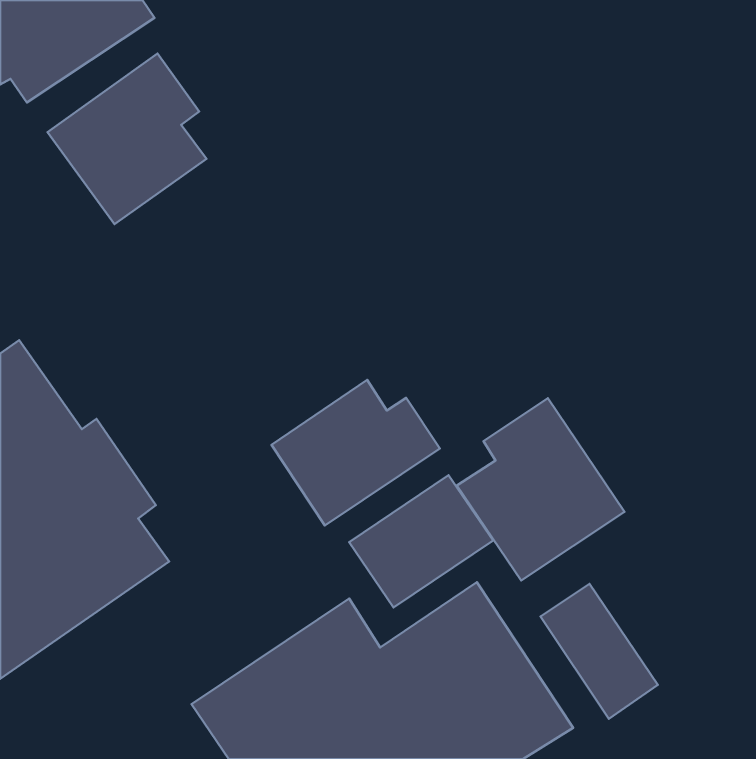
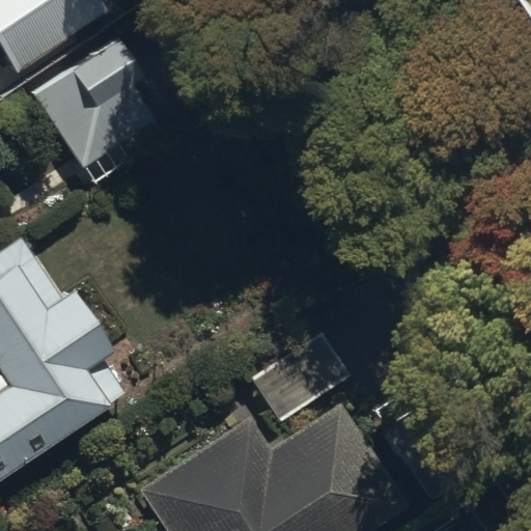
building: [272,380,440,526] -> none
building: [457,398,624,580] -> none

